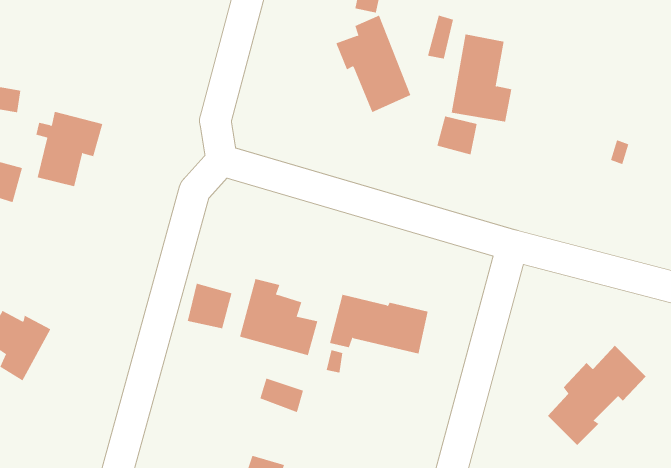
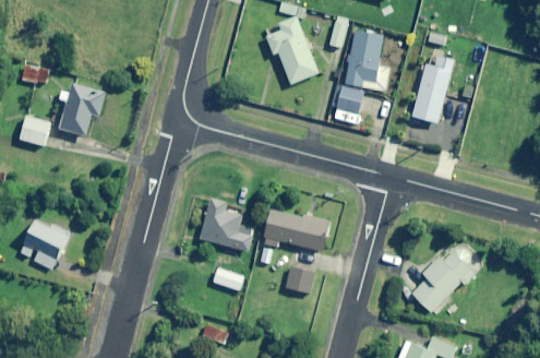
building: none -> [410,56,454,123]
building: [187,283,232,329] -> none
building: none -> [285,266,314,295]

